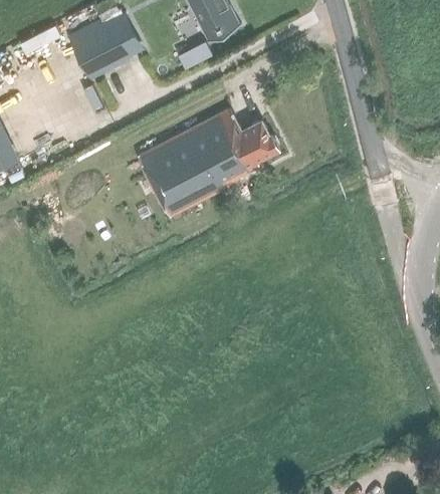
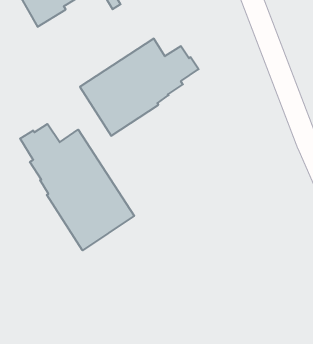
building: none -> [20,124,134,250]

